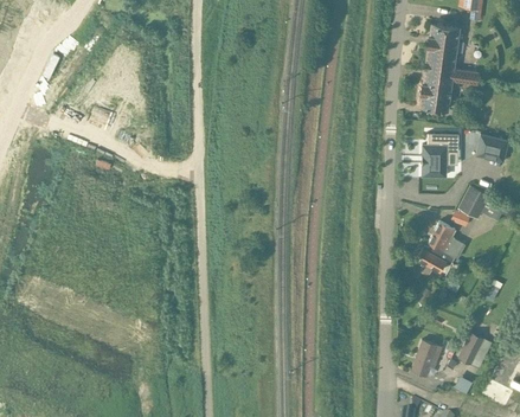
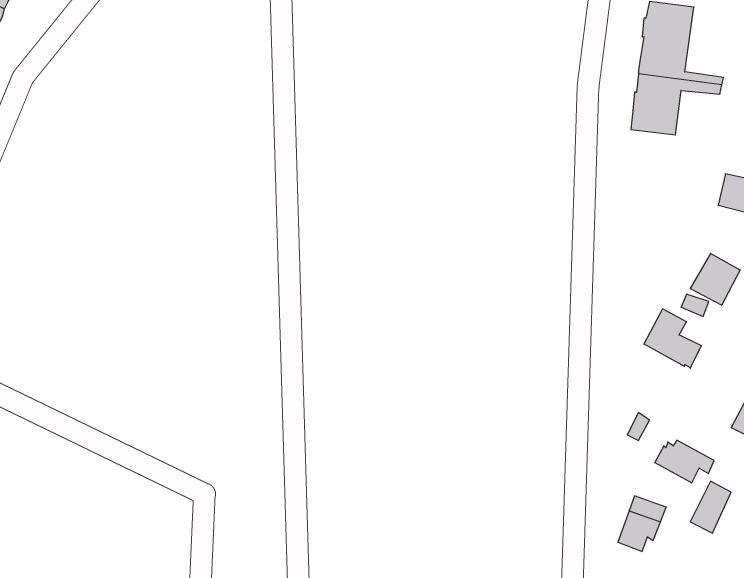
building: [423,135,458,178] -> none
building: [416,245,454,272] -> [655,440,714,483]

